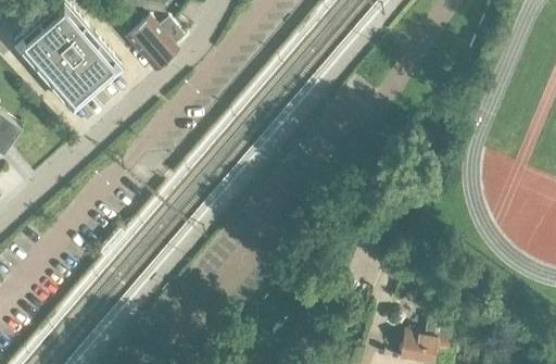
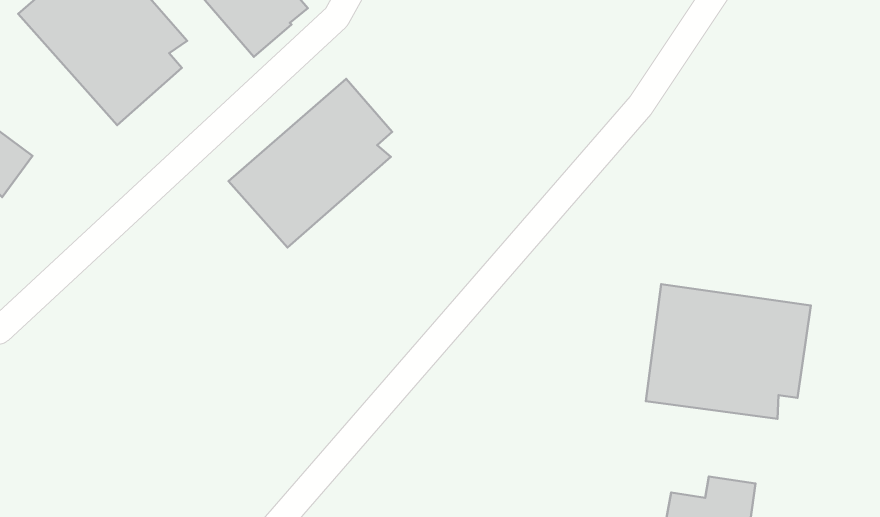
building: none -> [228,79,392,247]
building: none -> [646,284,811,419]

